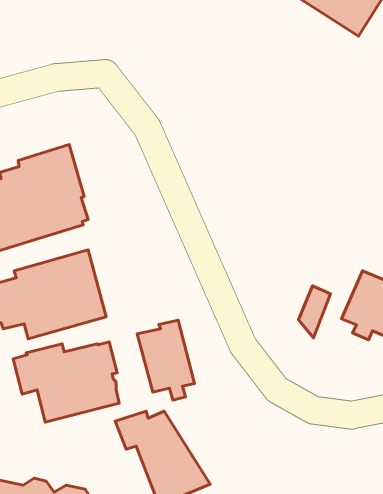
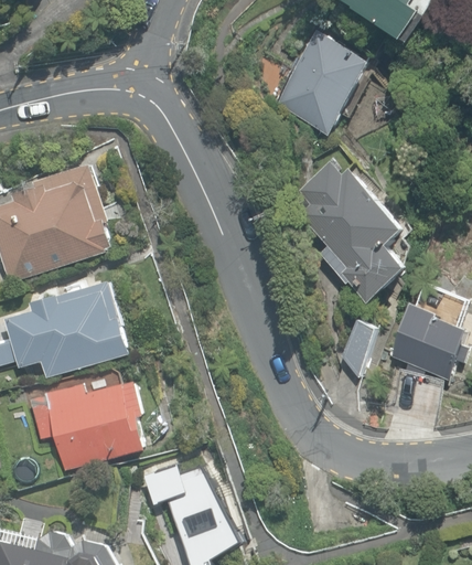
building: none -> [271,29,368,135]
building: none -> [297,161,407,305]
building: [137,320,195,400] -> none

